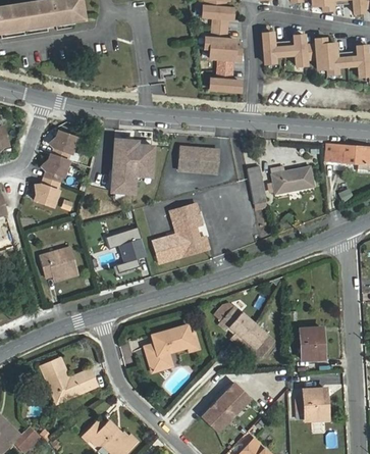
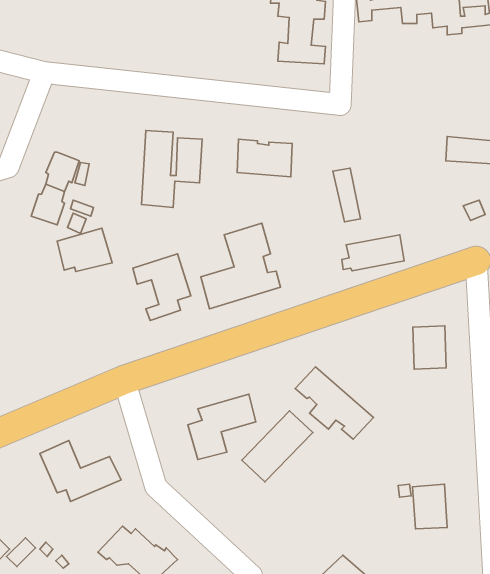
building: [53,131,76,159] -> none
building: [269,166,313,192] -> [342,235,404,271]
building: [40,247,78,278] -> [57,228,112,271]
building: [300,327,323,358] -> [413,326,446,369]
building: [201,382,251,432] -> [242,411,313,482]

